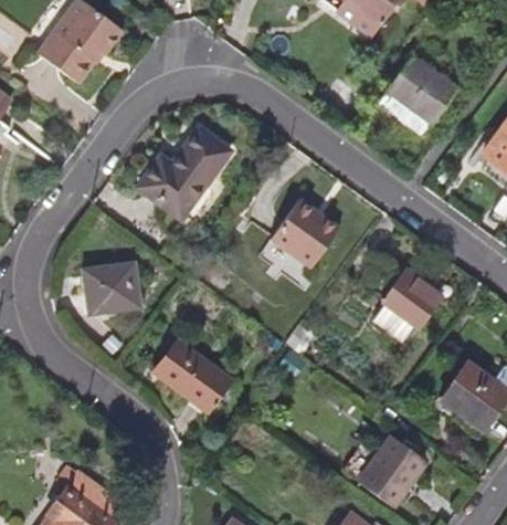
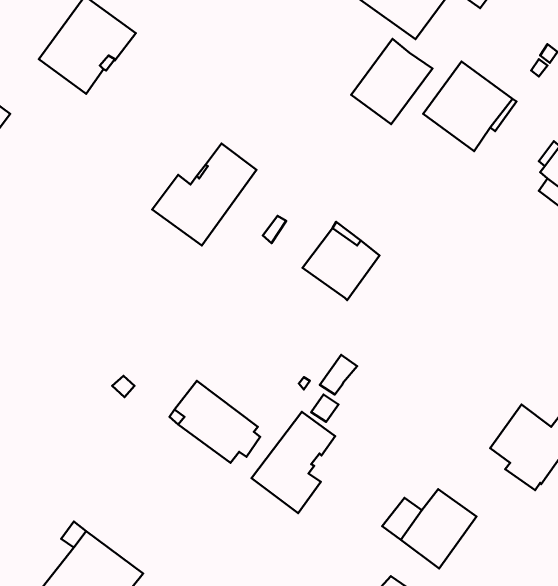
building: none -> [351,39,433,124]
building: [83,262,141,313] -> none
building: [373,270,442,342] -> none
building: none -> [252,412,335,513]

